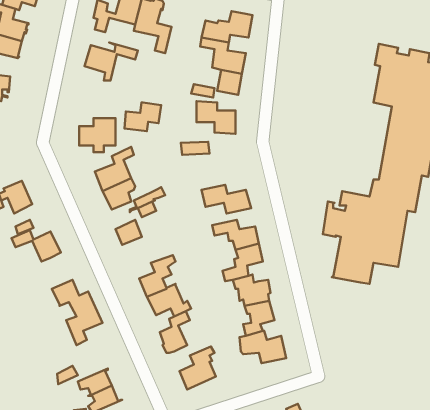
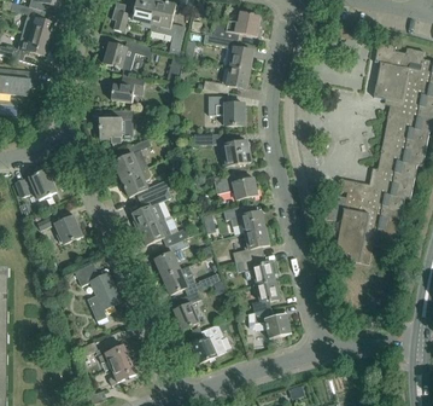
building: [125,102,161,131] -> [112,76,146,103]
building: none -> [220,140,251,167]
building: none -> [140,219,189,245]

